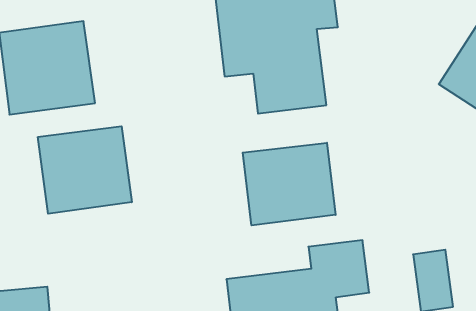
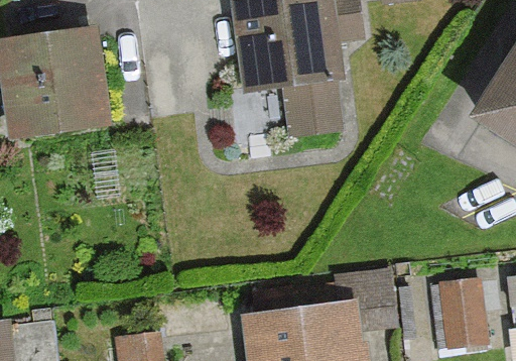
building: [38,126,132,214] -> none
building: [243,143,336,225] -> none

